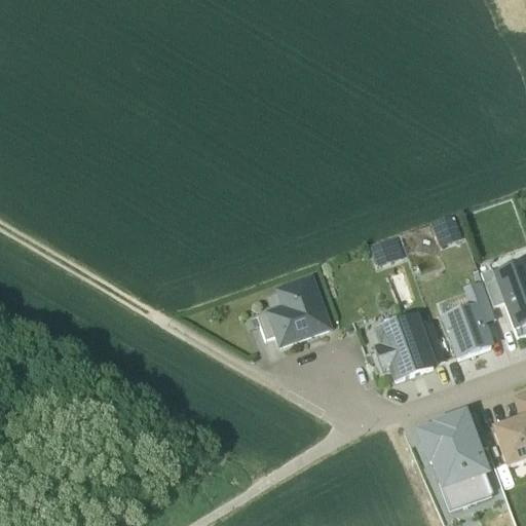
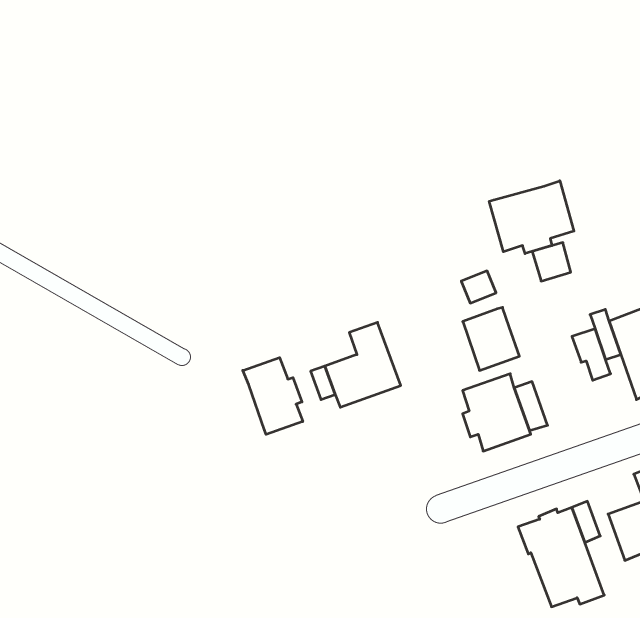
building: none -> [489,181,574,254]
building: none -> [243,358,303,434]
building: [444,306,489,356] -> [463,307,519,370]

